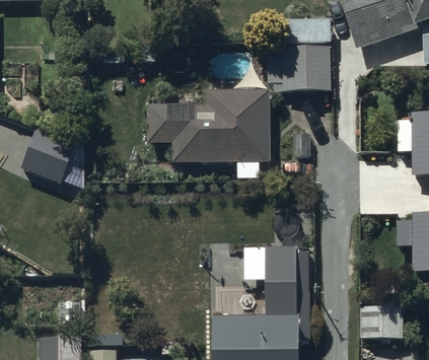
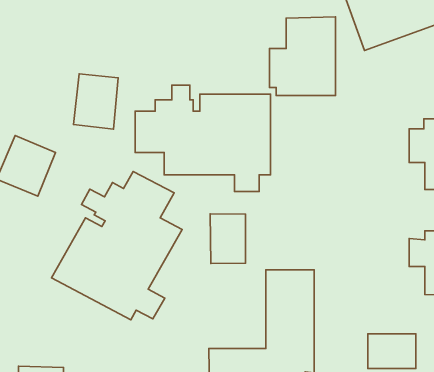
building: none -> [73,74,118,129]
building: none -> [51,171,182,320]
building: none -> [210,214,245,263]

